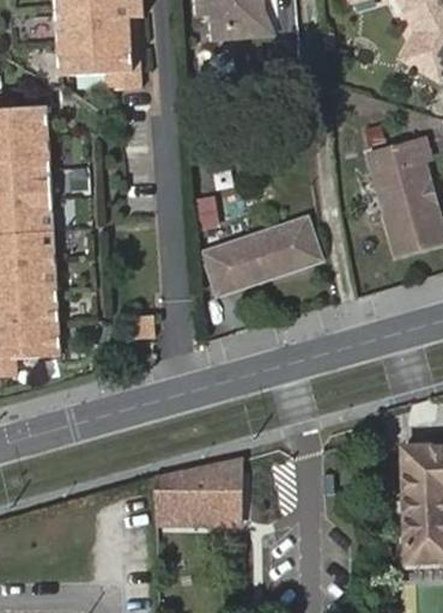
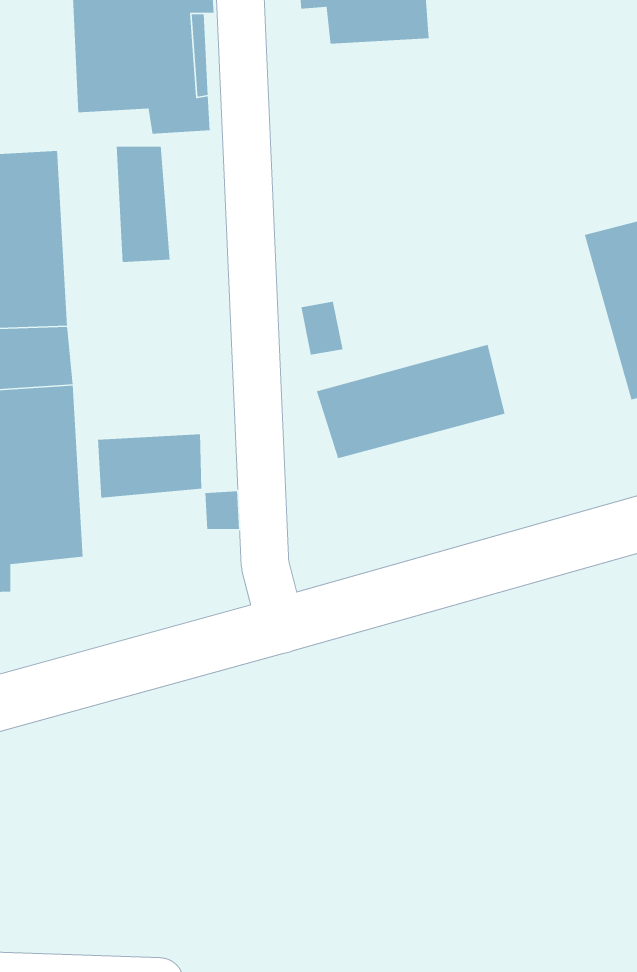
building: none -> [116,146,171,263]
building: none -> [97,434,202,498]
building: [153,448,239,523] -> none

